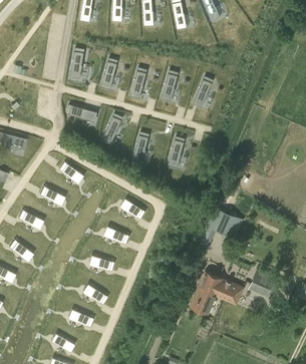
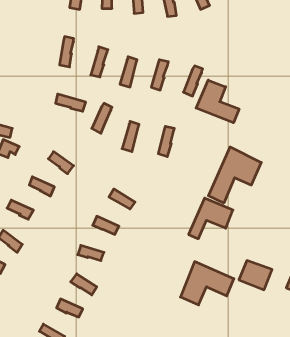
building: none -> [196,80,239,123]
building: none -> [208,147,261,203]

